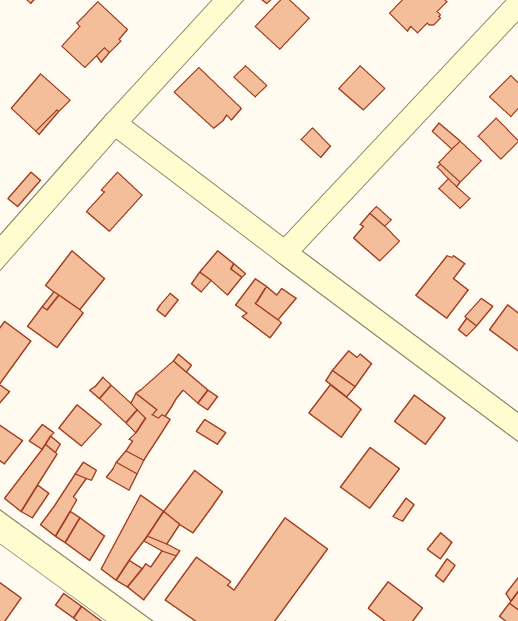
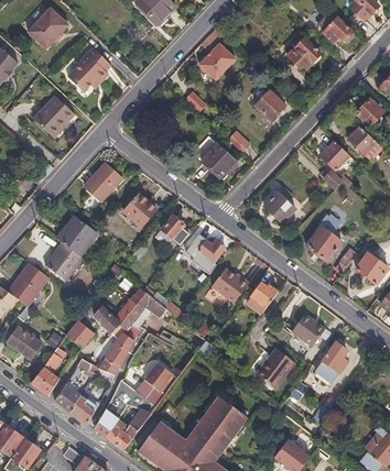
building: [174,68,241,128] -> [193,136,238,177]
building: none -> [123,194,156,227]
building: [309,385,361,437] -> [212,267,247,303]
building: none -> [315,342,347,382]

